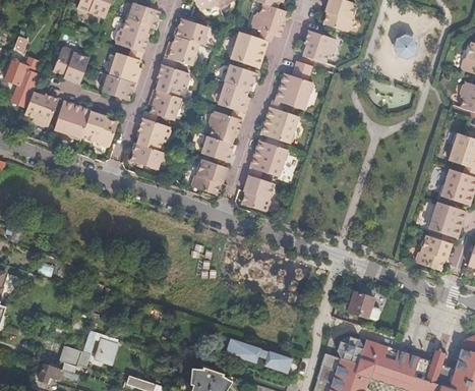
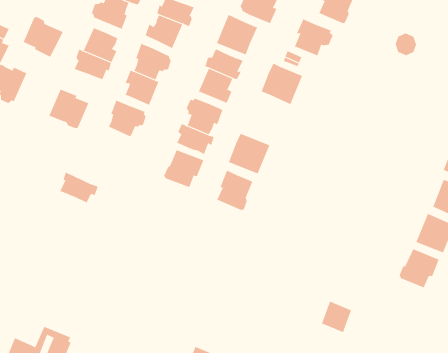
building: [54,101,91,138] -> none
building: [261,106,298,143] -> none
building: [130,142,166,169] -> [59,172,98,203]

